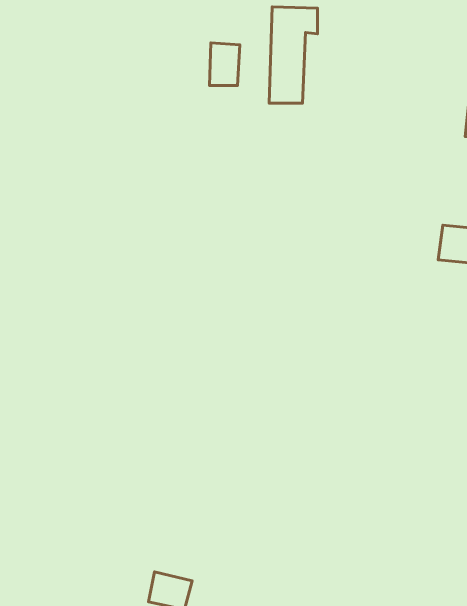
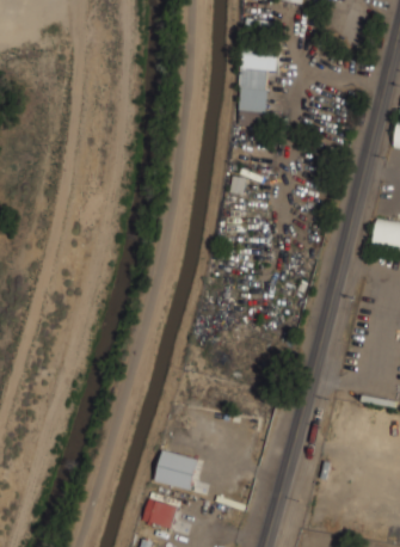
building: [209,43,240,86] -> none
building: none -> [154,450,198,491]

